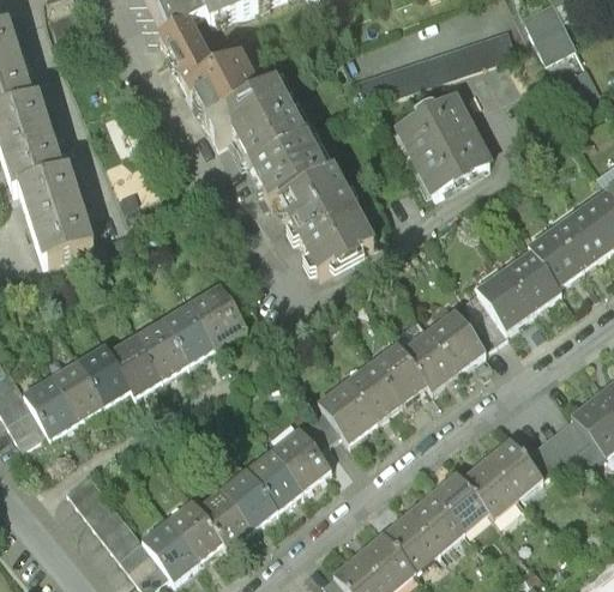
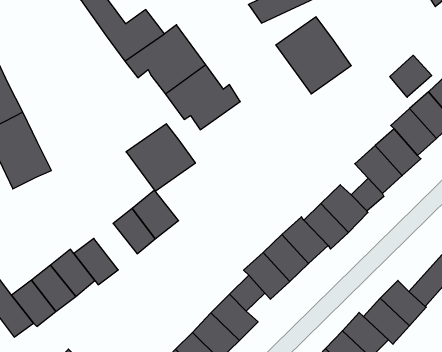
building: none -> [390,55,432,97]
building: [288,188,373,271] -> [126,124,195,191]
building: [137,320,188,379] -> none

